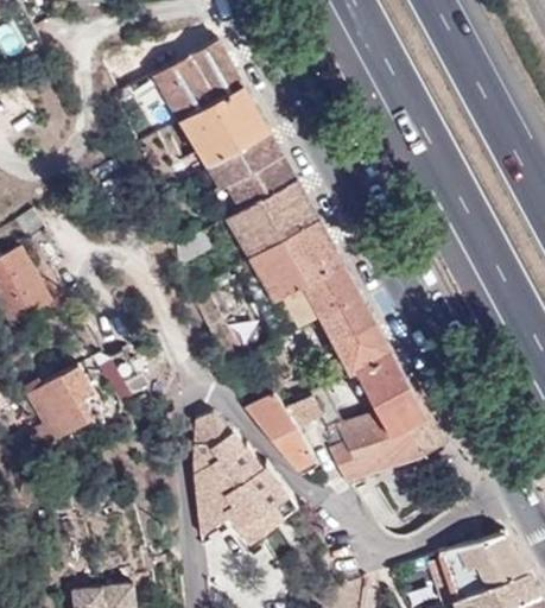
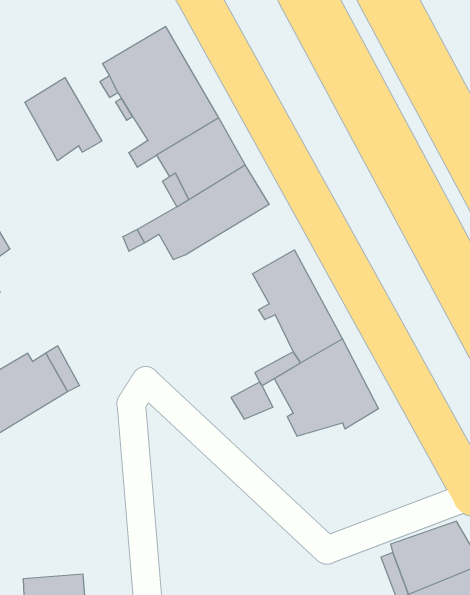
building: none -> [25,78,102,161]
building: [236,216,344,340] -> none
building: [245,393,315,470] -> none
building: [194,412,299,544] -> none
building: [328,418,443,484] -> none

